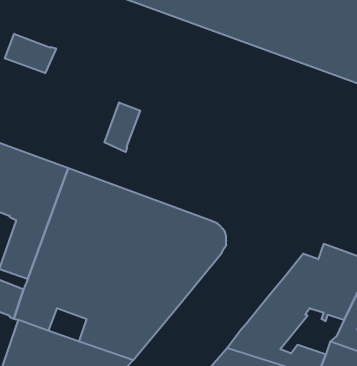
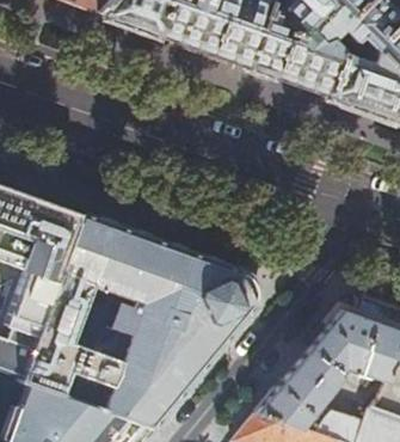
building: [5,34,56,73] -> none
building: [104,102,140,152] -> none

